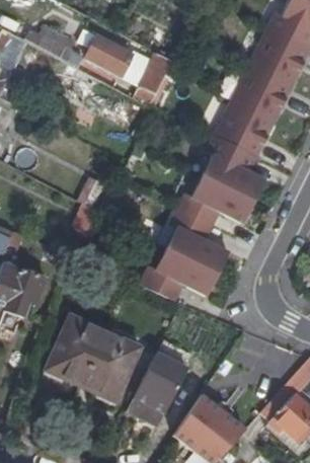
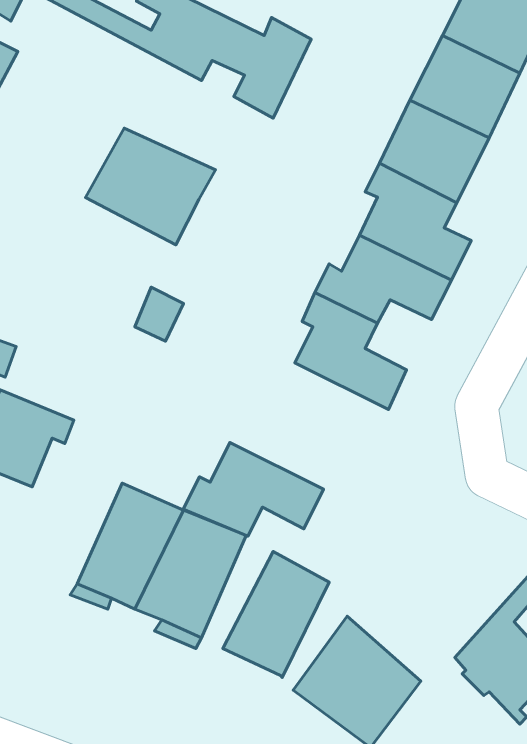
building: none -> [86,128,216,245]
building: [143,246,222,299] -> [183,443,323,536]

